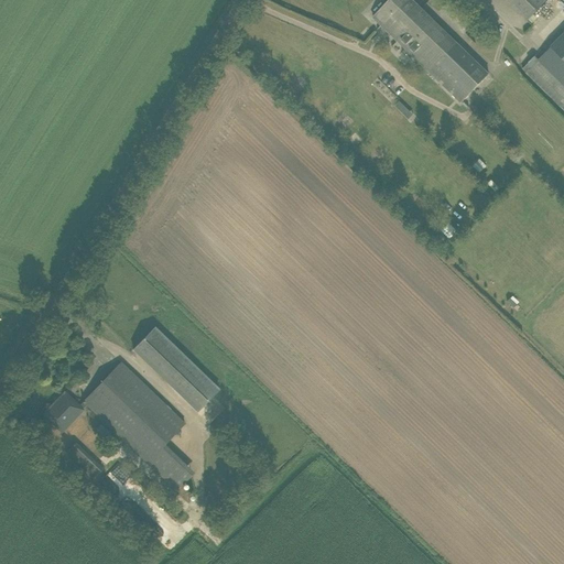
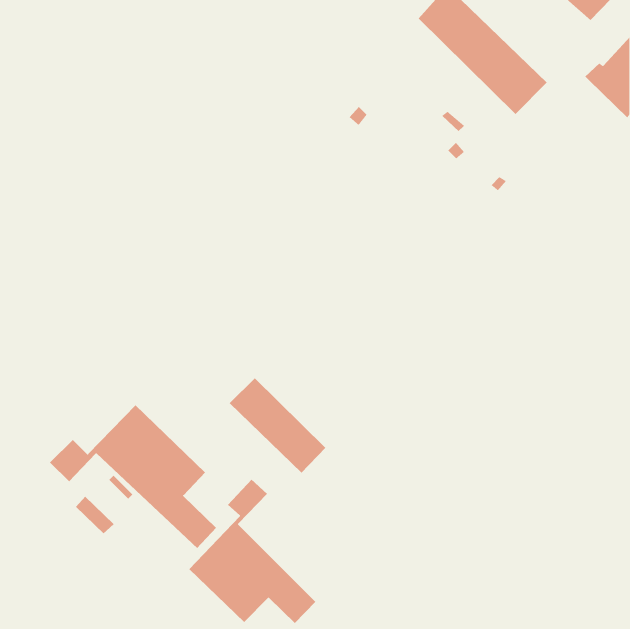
building: [132,325,219,411] -> [229,377,326,474]
building: none -> [189,479,316,624]

